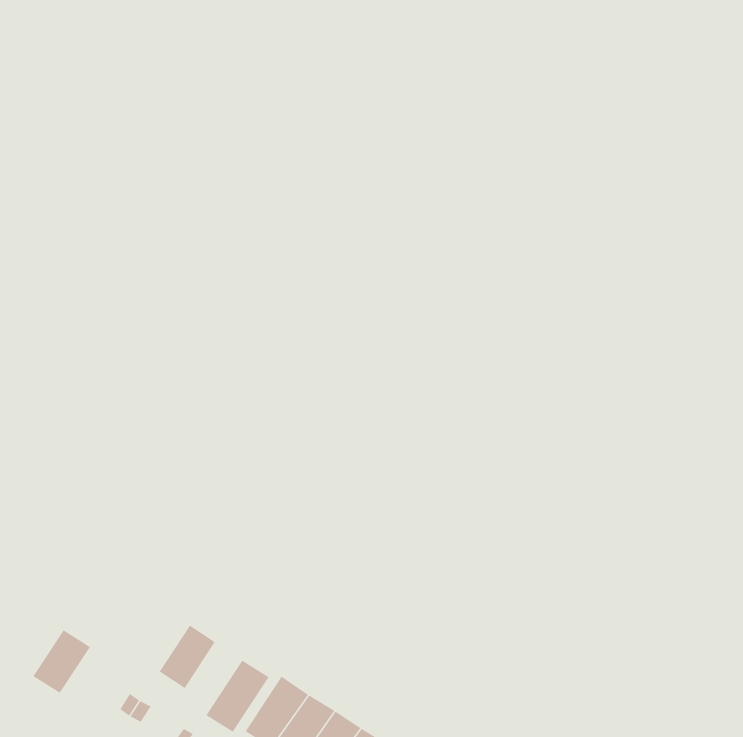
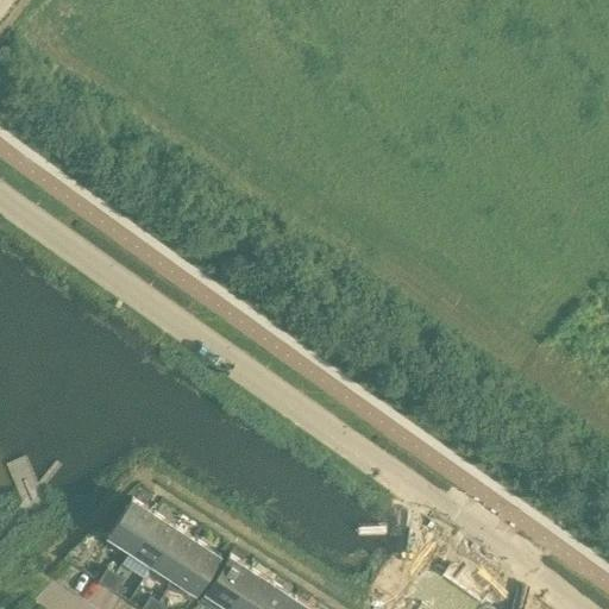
building: [33,630,91,694] -> [108,502,156,554]
building: none -> [152,530,199,590]

